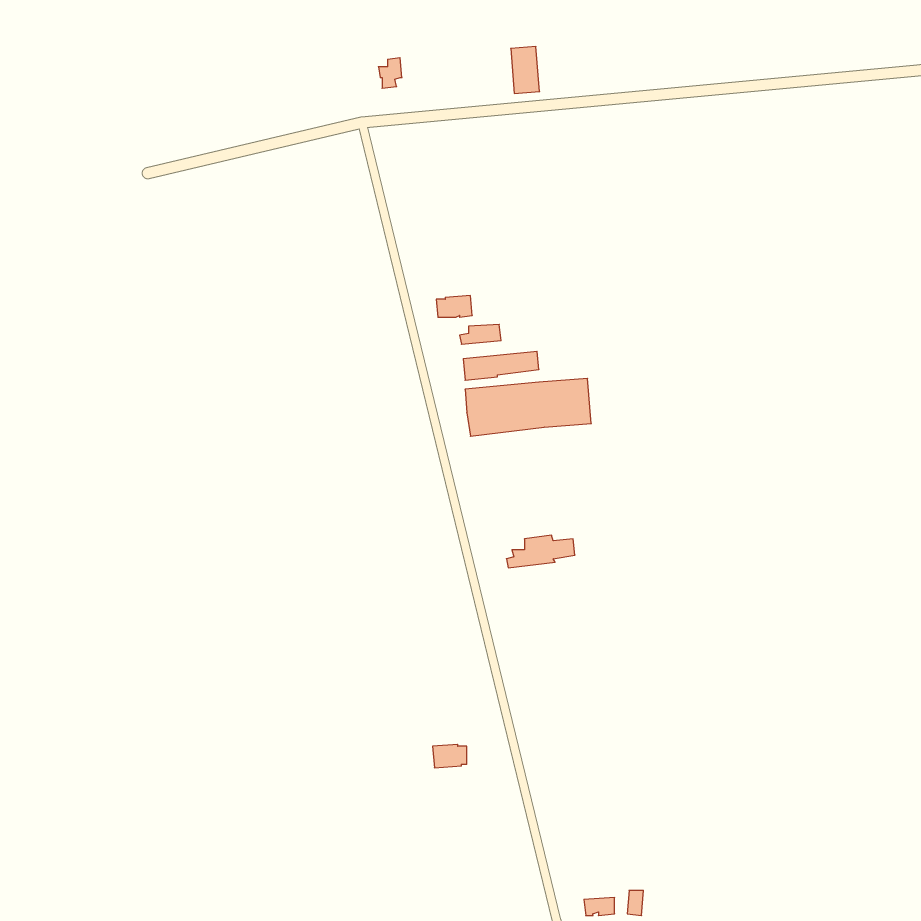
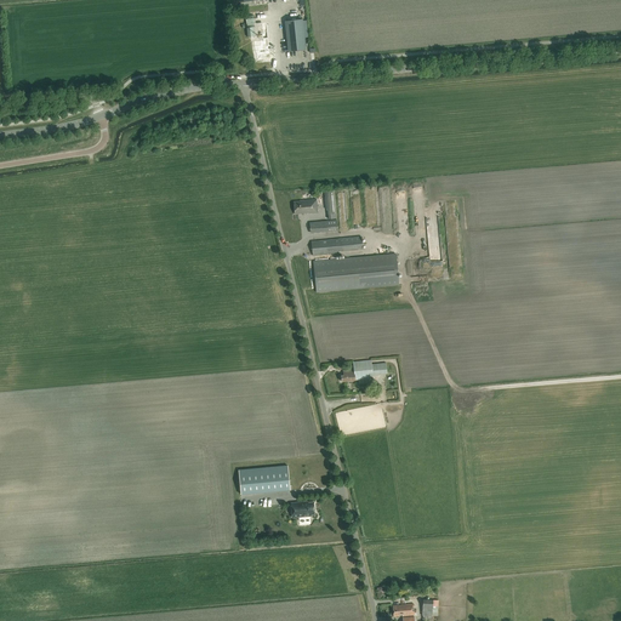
building: [511,47,540,93] -> [286,19,306,51]
building: none -> [239,466,290,495]

